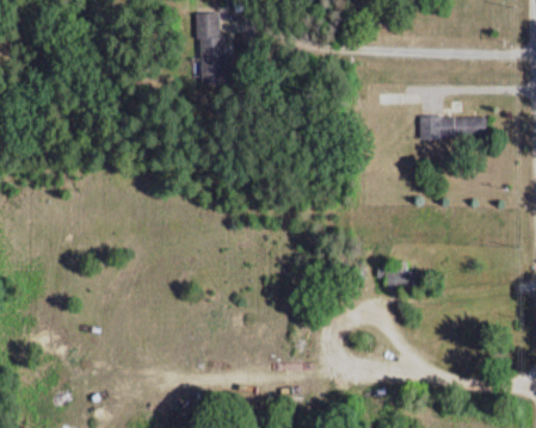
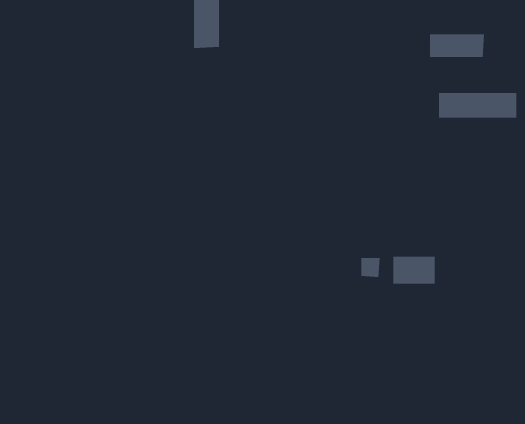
building: none -> [429,33,484,58]

